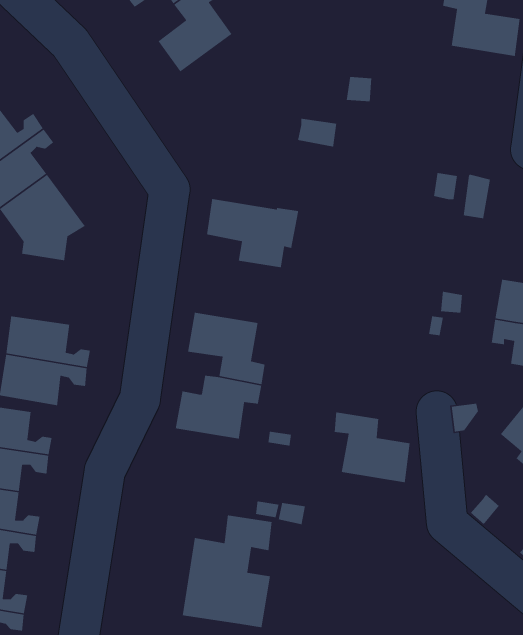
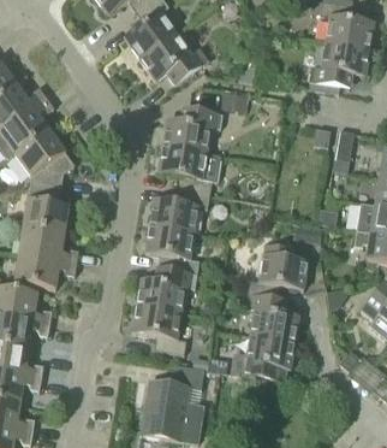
building: none -> [139,33,207,84]
building: none -> [310,41,370,86]
building: none -> [161,107,222,153]
building: none -> [23,184,69,232]
building: none -> [149,189,209,231]
building: none -> [246,244,308,297]
building: none -> [132,305,185,354]
building: none -> [232,335,294,381]

